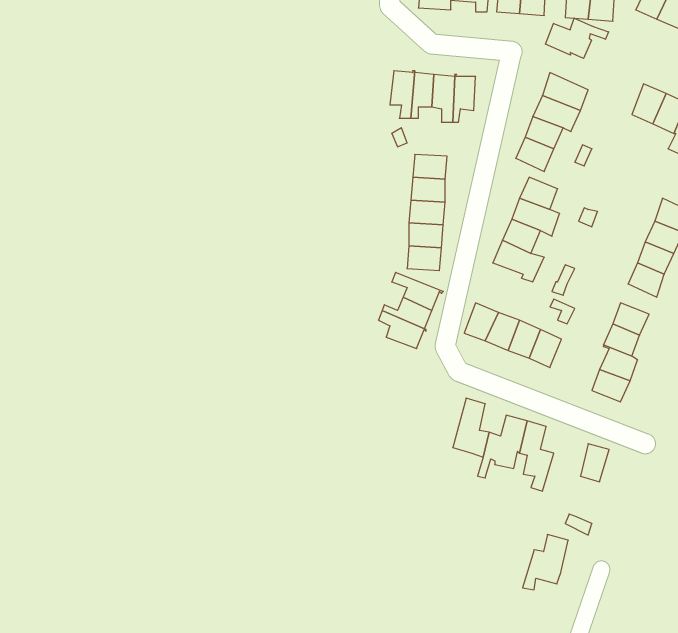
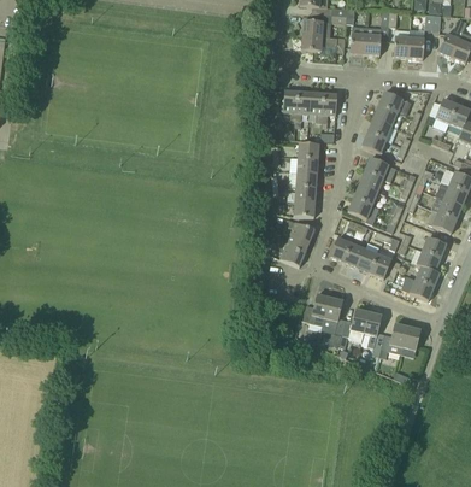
building: [546,18,609,58] -> none
building: none -> [302,293,330,328]
building: [523,534,568,590] -> [378,322,407,357]

